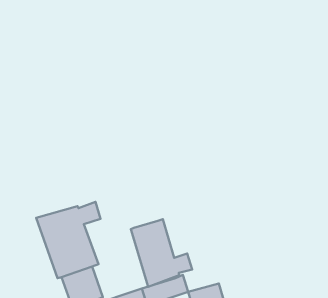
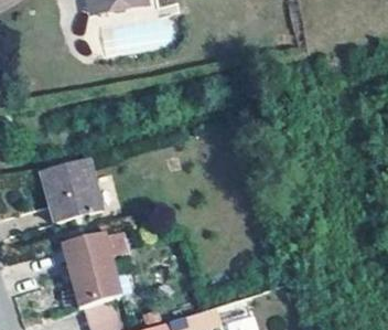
building: none -> [42,157,101,220]
building: [131,219,192,287] -> none

